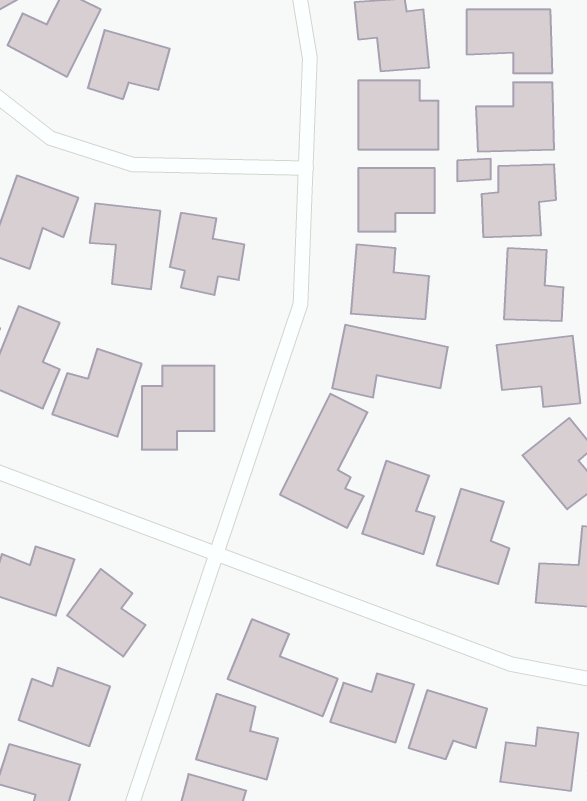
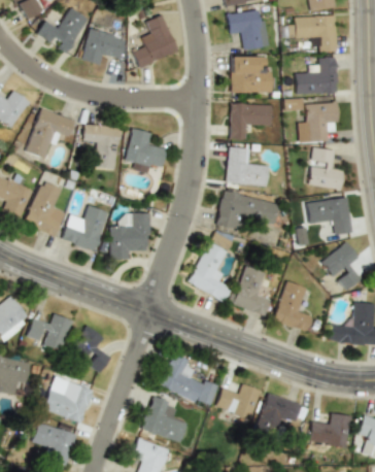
building: none -> [132,15,177,68]

